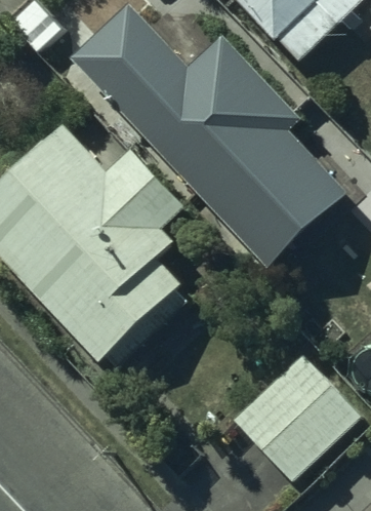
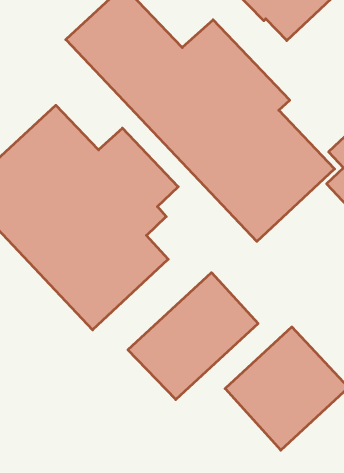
building: none -> [128,273,258,400]

